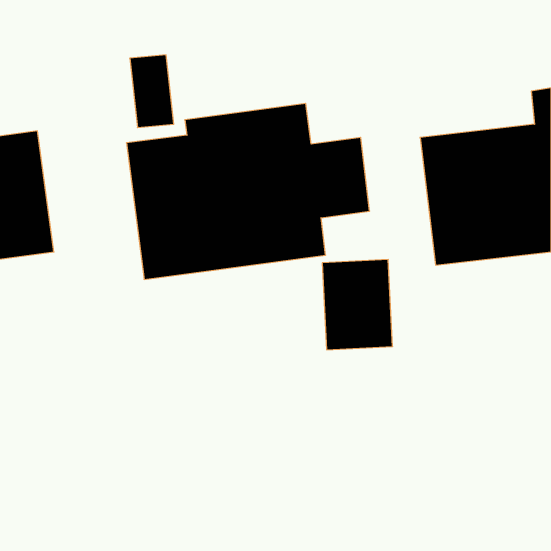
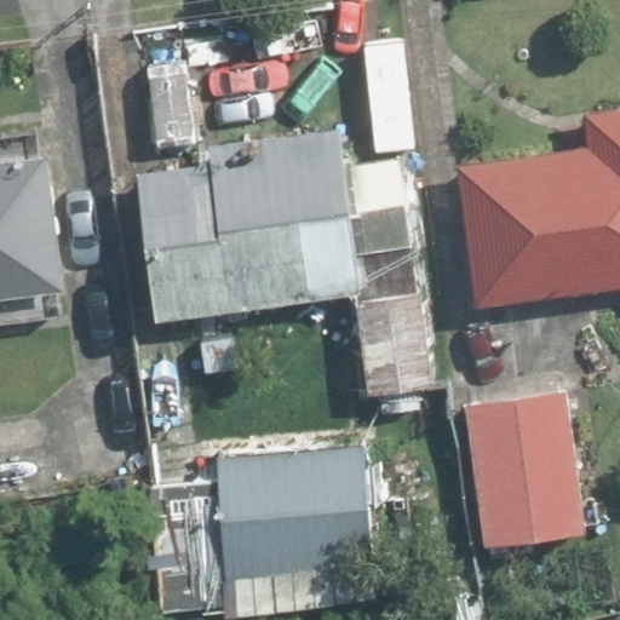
building: none -> [466,396,585,550]
building: none -> [186,457,364,607]

